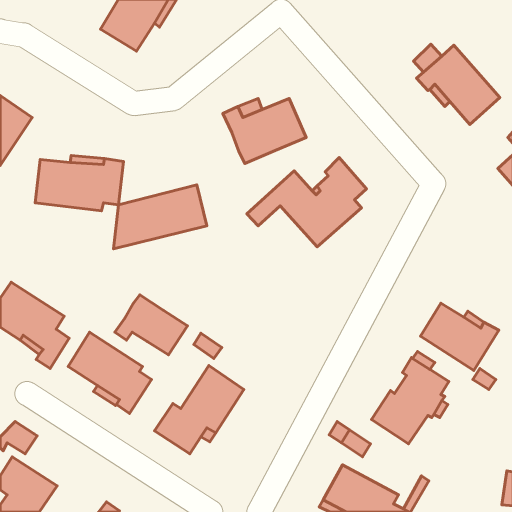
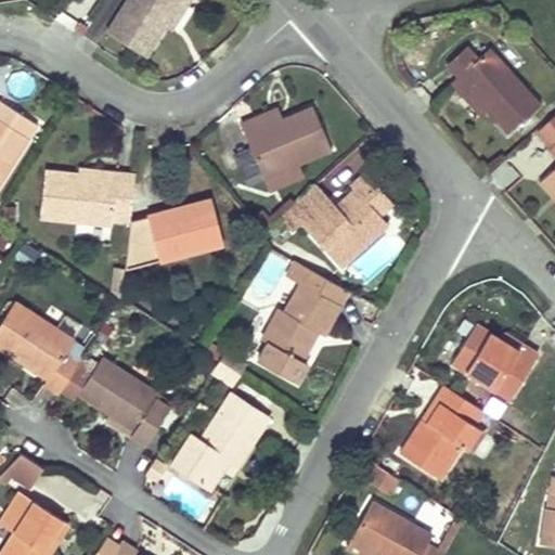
building: none -> [258,260,348,384]
building: [115,295,188,355] -> none

